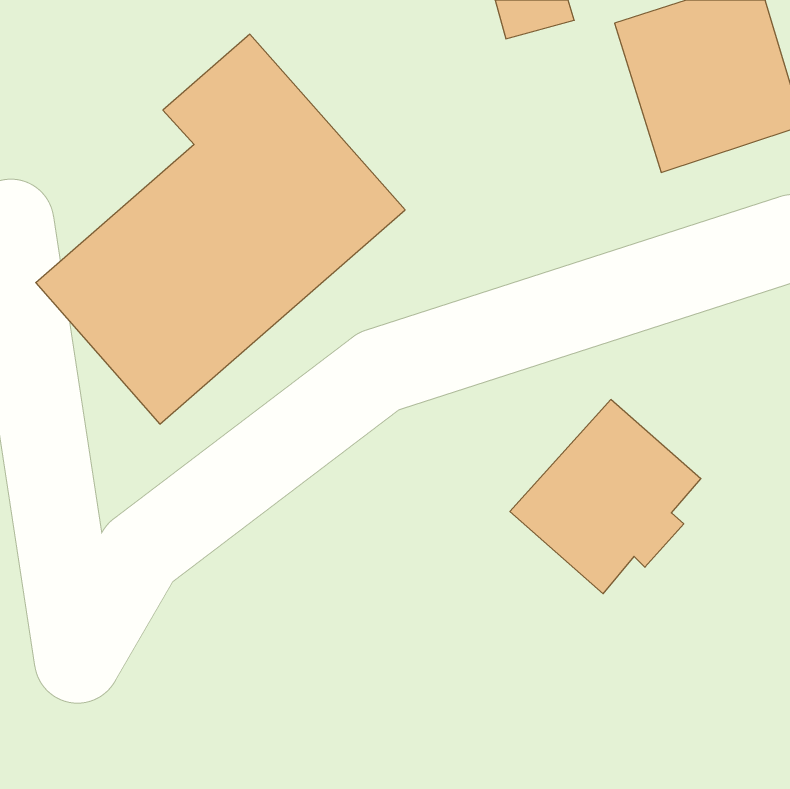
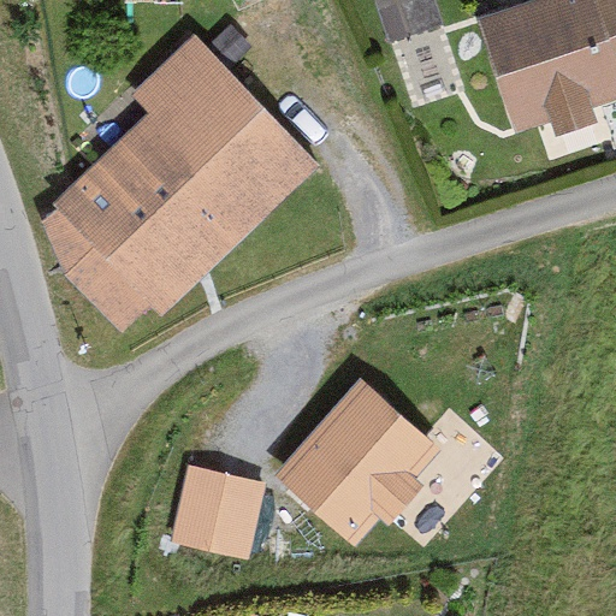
building: [510,400,701,594] -> [286,385,434,535]
building: none -> [182,470,261,551]

